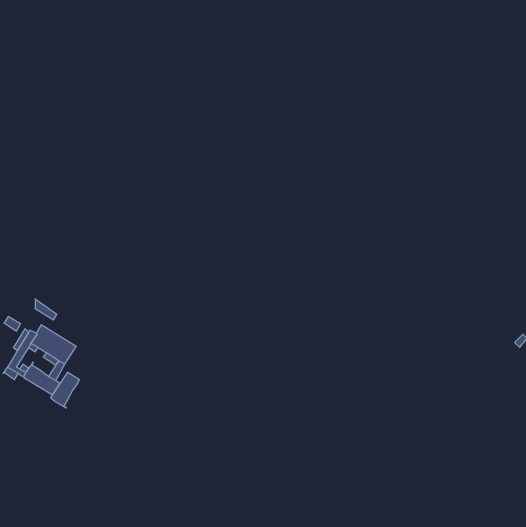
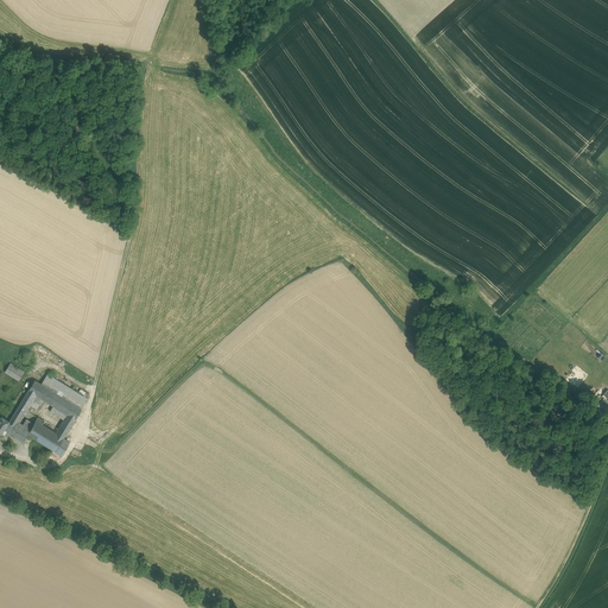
building: [51,372,79,408] -> none

